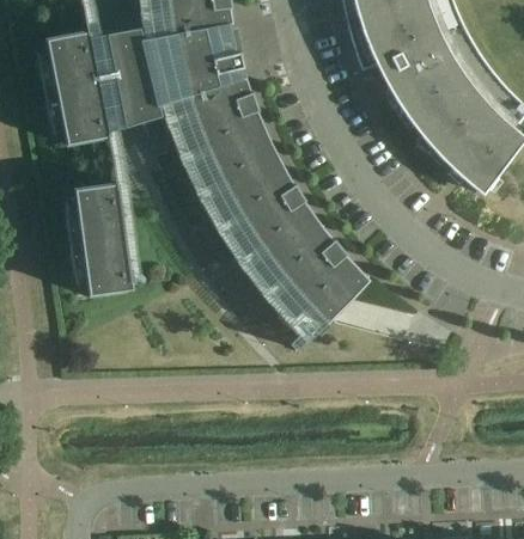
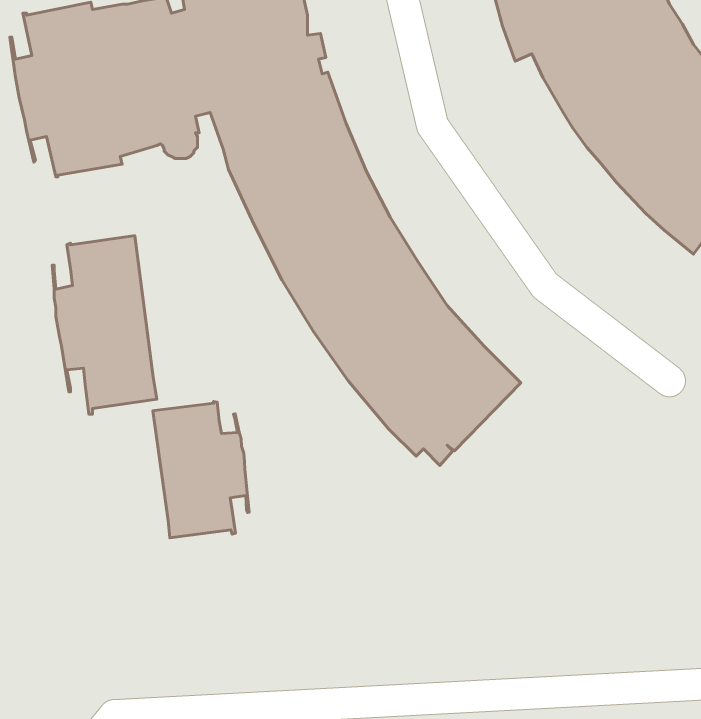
building: none -> [153,402,249,538]

